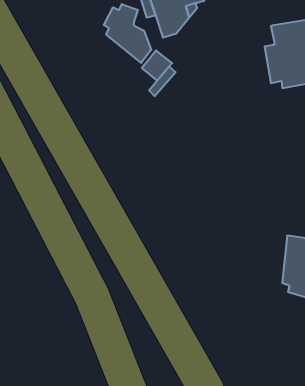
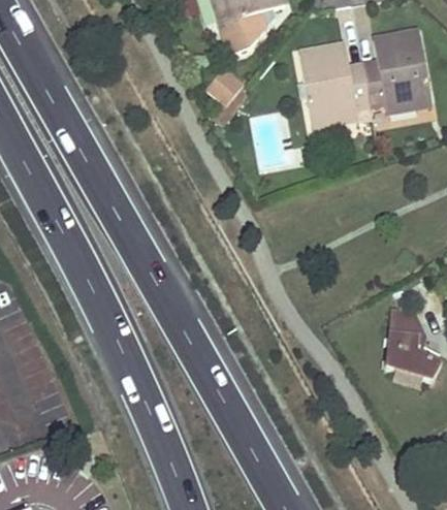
building: [104,4,151,63] -> none
building: none -> [298,41,372,129]

